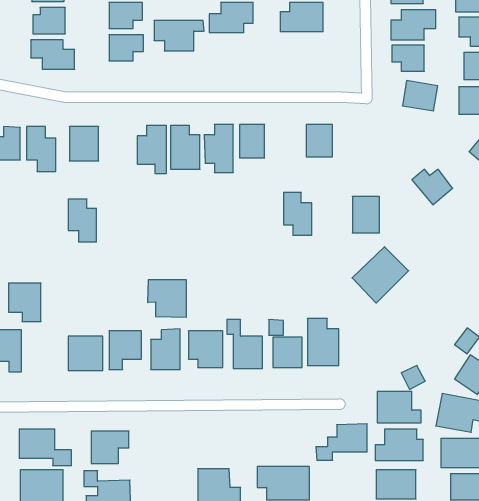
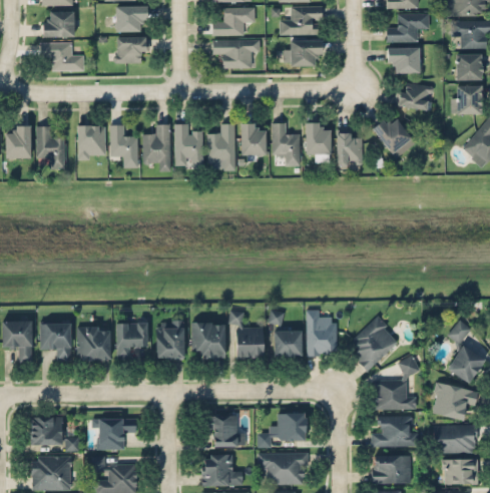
building: [154,21,204,51] -> [212,39,261,68]
building: none -> [284,42,323,65]
building: [412,169,453,205] -> [373,119,412,153]
building: [284,192,312,235] -> [273,123,300,164]
building: [352,196,379,233] -> [337,133,363,168]
building: [68,199,96,242] -> [111,125,138,166]
building: [352,247,409,303] -> [346,318,400,372]
building: [148,280,186,317] -> none
building: [9,283,41,322] -> [40,323,71,360]
building: [316,424,367,460] -> [258,412,307,447]
building: none -> [201,416,244,446]

